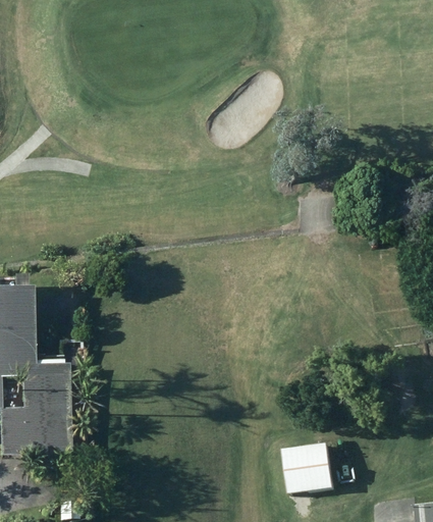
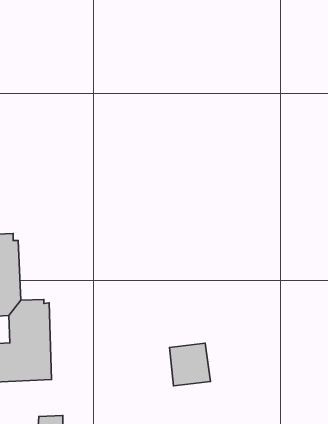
building: [290,441,339,492] -> [169,343,210,386]

